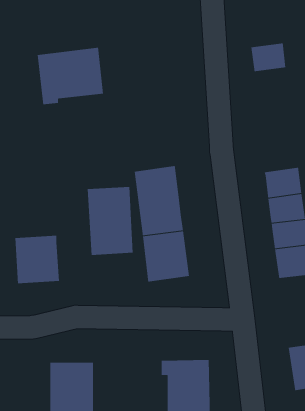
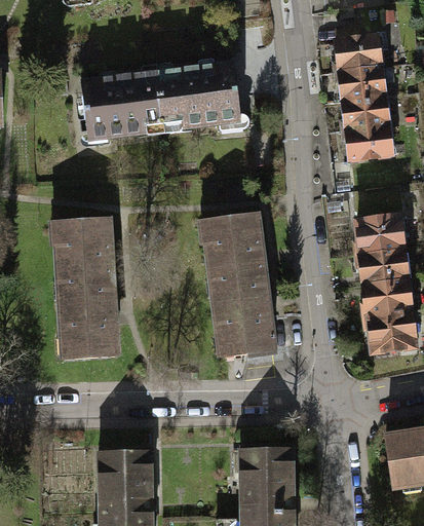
building: none -> [338,35,382,72]
building: none -> [159,63,242,128]
building: none -> [346,97,393,160]
building: [87,186,134,255] -> [52,219,109,302]

